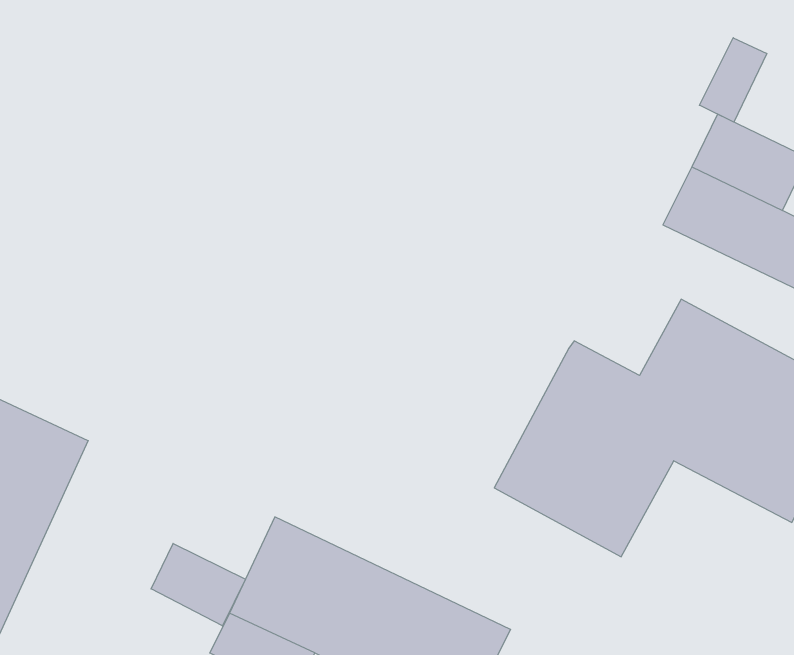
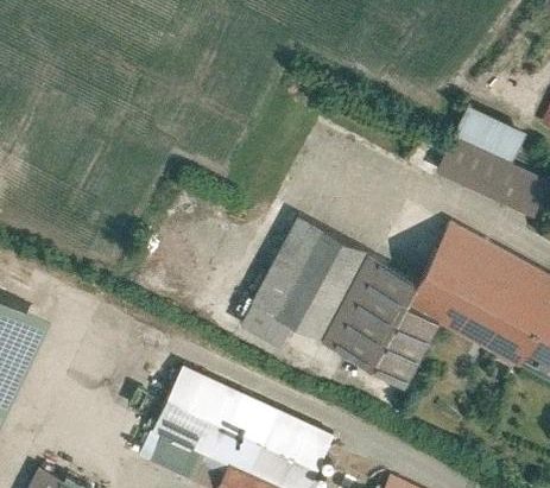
building: [699,38,767,122] -> none
building: none -> [240,215,373,349]
building: [151,543,246,626] -> none

